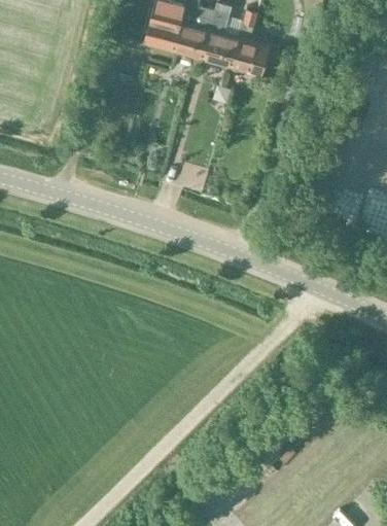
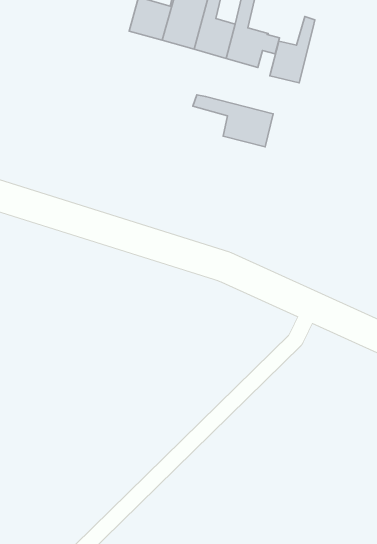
building: none -> [270,17,315,83]
building: none -> [193,95,273,147]

